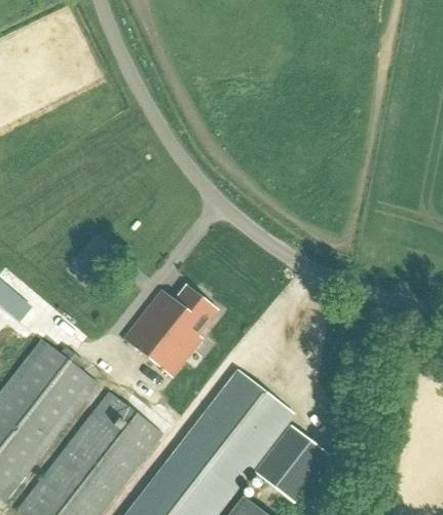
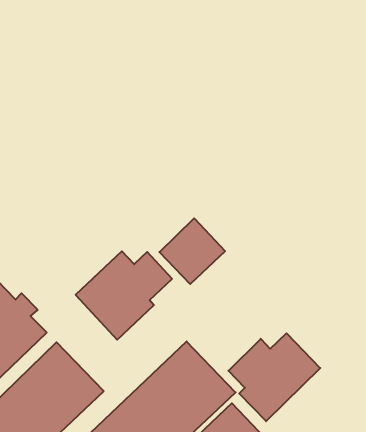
building: none -> [159,218,225,284]
building: none -> [228,333,320,421]

